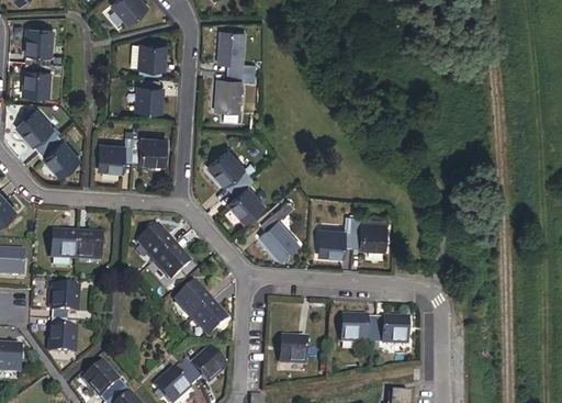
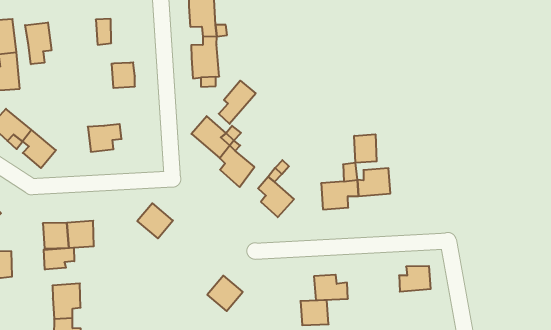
building: none -> [25,22,51,64]
building: [138,45,160,69] -> none
building: none -> [219,81,256,124]
building: [137,138,165,161] -> none
building: none -> [354,134,377,163]
building: [160,244,191,276] -> none
building: none -> [44,248,74,270]
building: [183,283,218,318] -> none
building: [353,312,385,337] -> [314,275,348,300]

